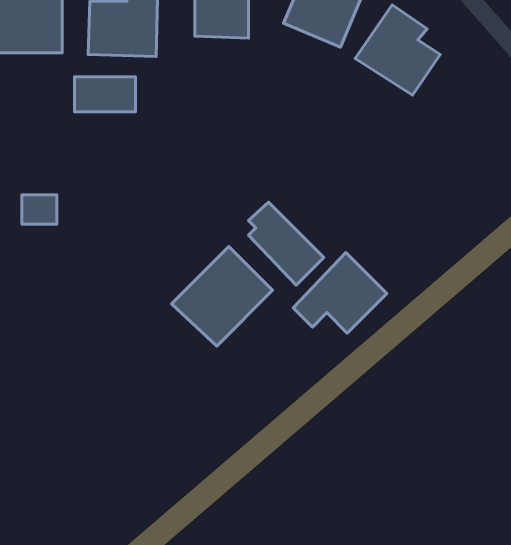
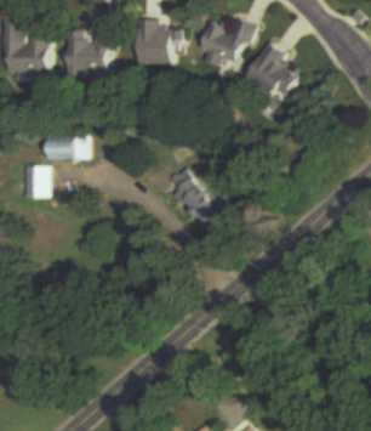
building: [75,77,135,112] -> [48,136,89,159]
building: [171,246,273,346] -> none
building: [293,253,387,333] -> none

